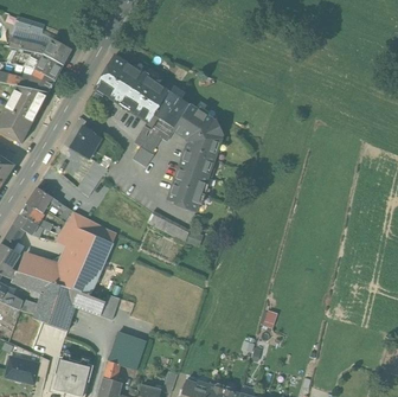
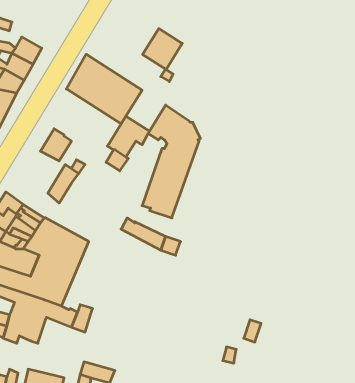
building: [152,89,190,128] -> [143,29,182,69]
building: [111,332,147,357] -> none

